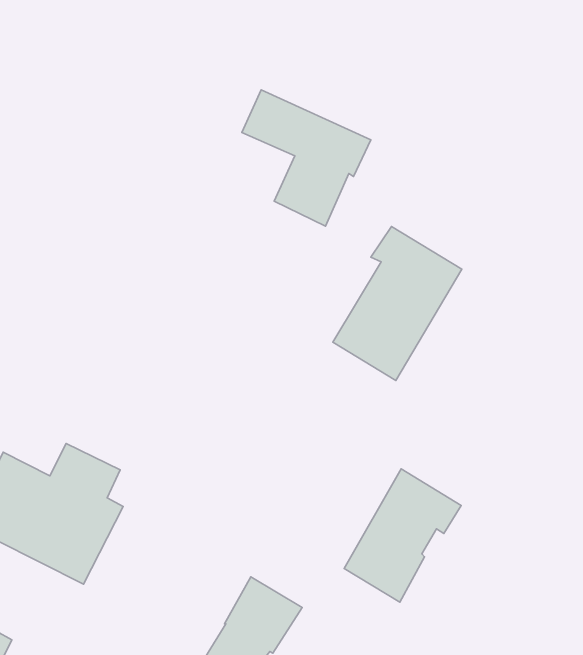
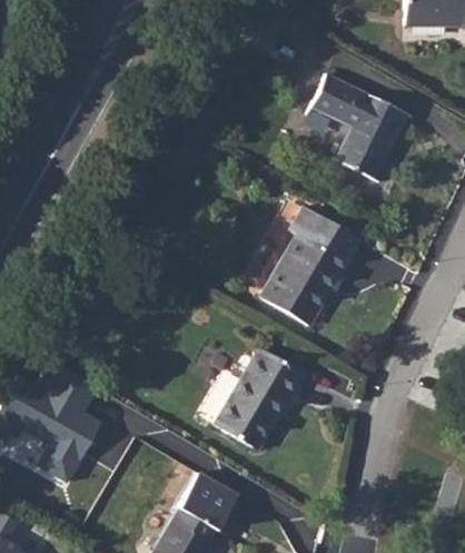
building: [242,90,371,226] -> [311,77,409,180]
building: [344,469,461,602] -> [216,348,305,450]

